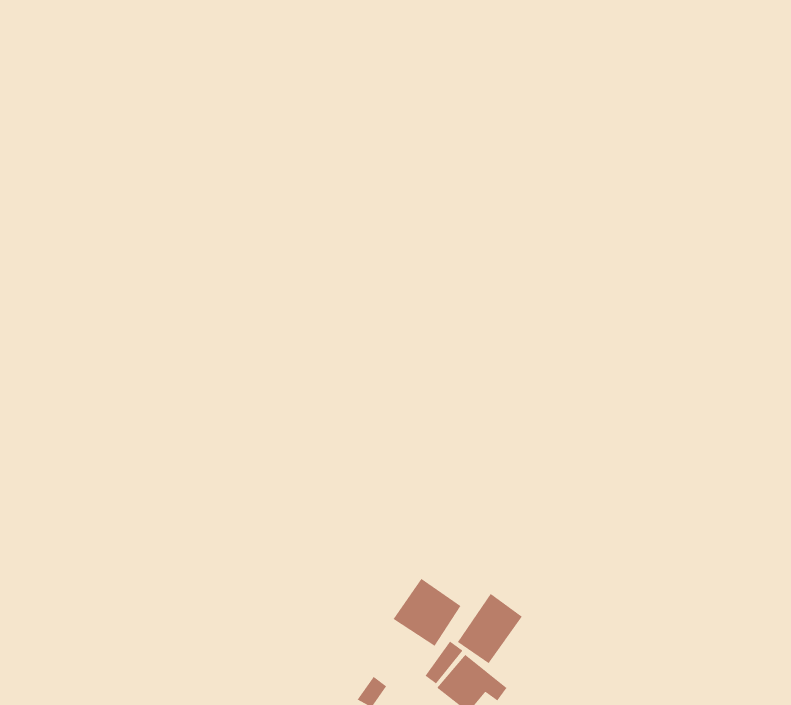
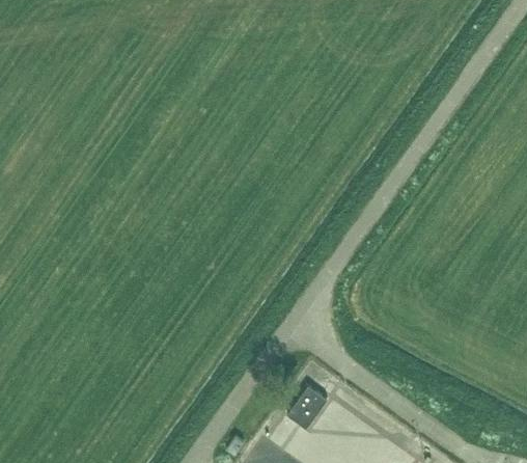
building: [393,578,462,647] -> none

